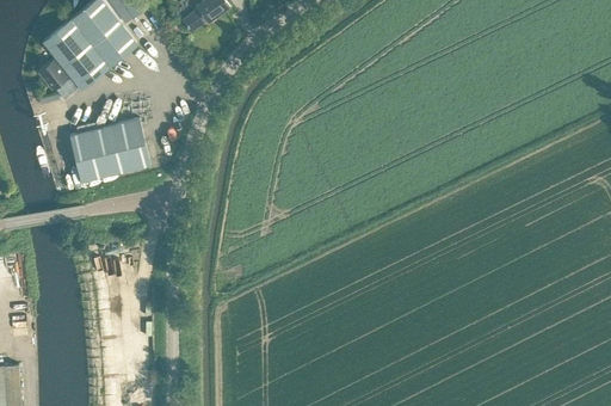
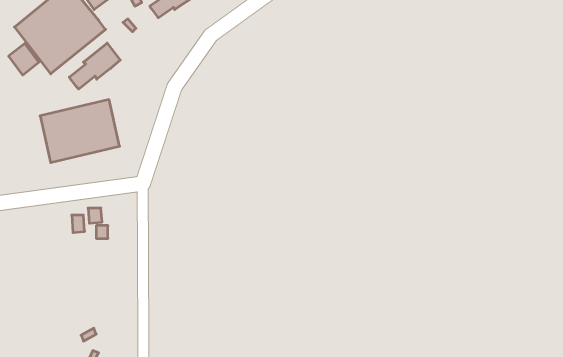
building: none -> [69,43,120,89]

